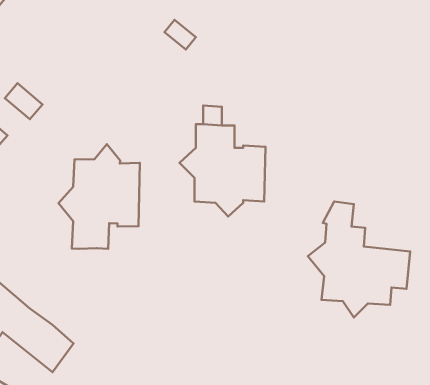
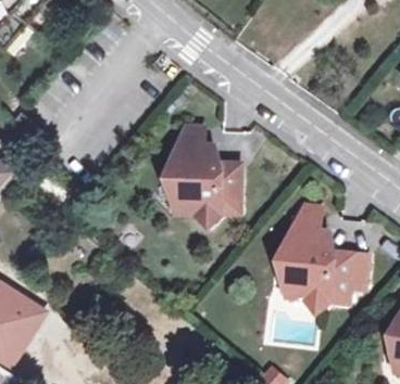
building: [59,144,140,249] -> none

